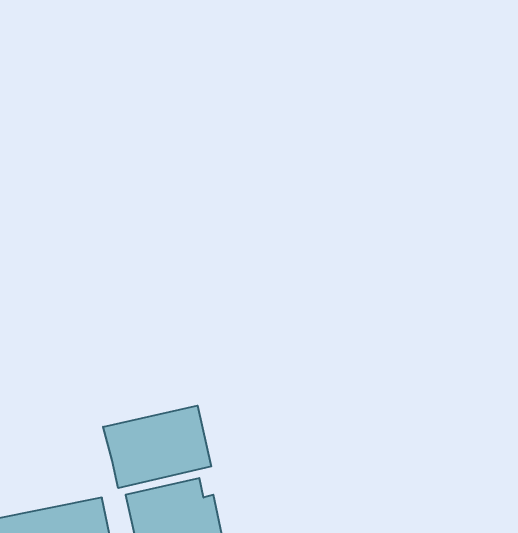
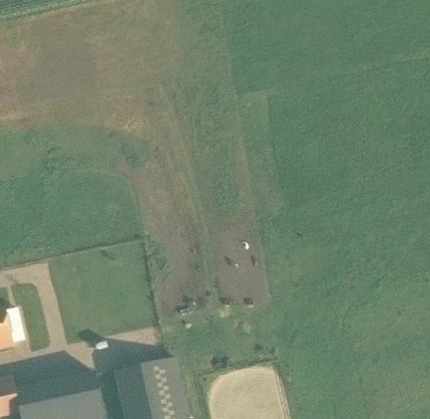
building: [103,406,211,488] -> none

